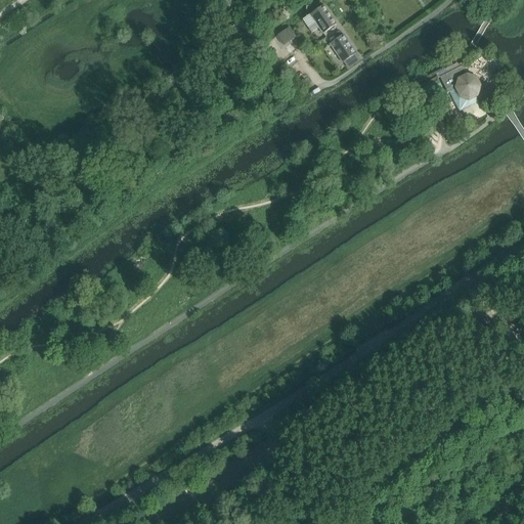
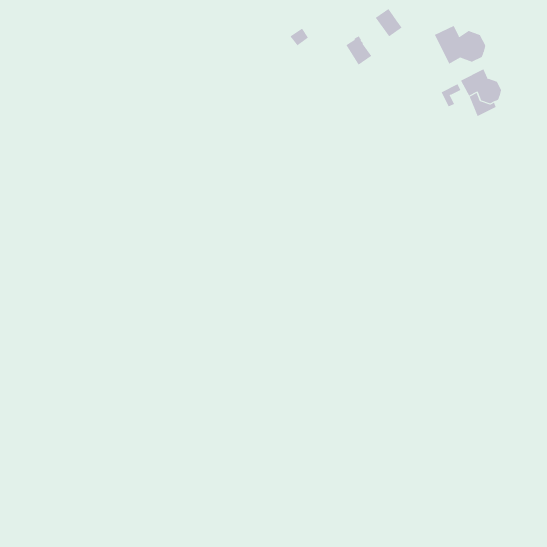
building: [309,5,336,33] -> [375,8,403,37]
building: none -> [434,25,486,64]

